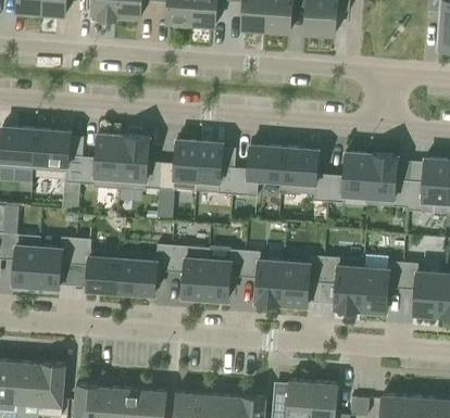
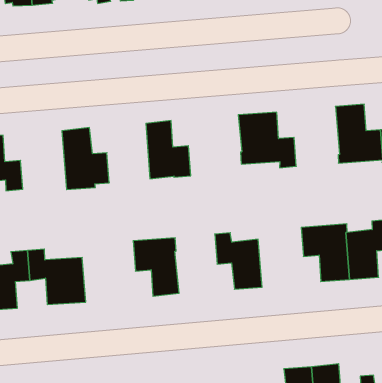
building: [79,134,123,189] -> none
building: [158,139,199,191] -> none
building: [232,144,283,195] -> none
building: [327,152,371,202] -> none
building: [120,243,171,294] -> none
building: [204,249,245,300] -> none
building: [279,255,323,305] -> none

